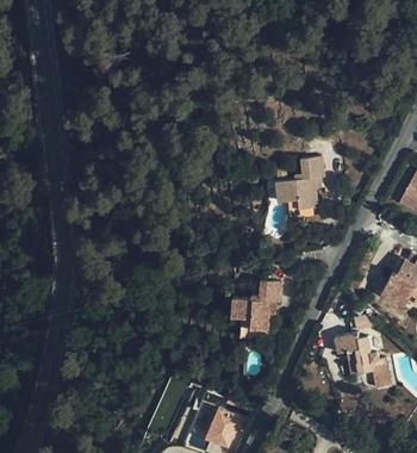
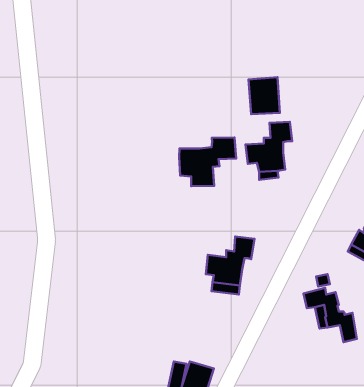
building: none -> [249,77,280,114]
building: none -> [179,137,236,186]

